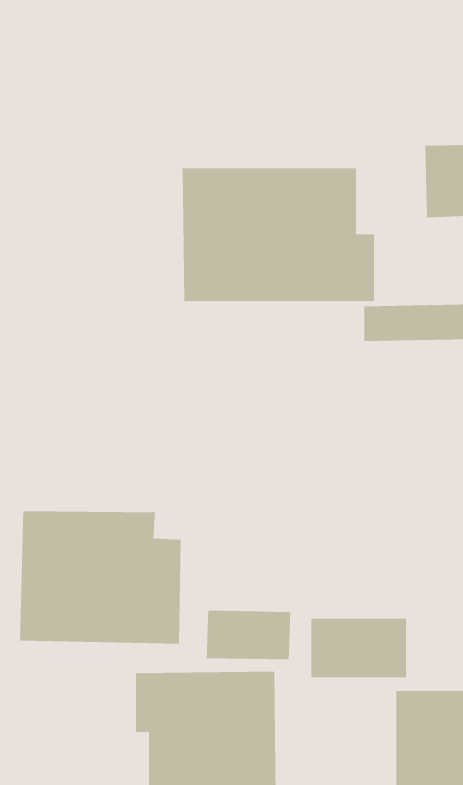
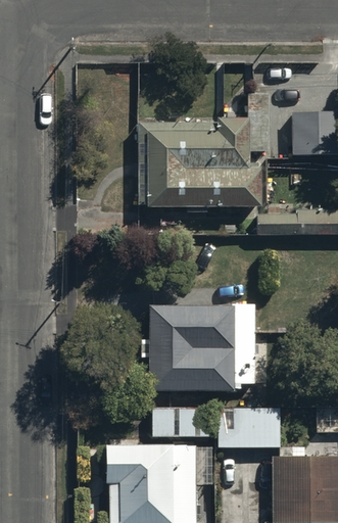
building: [19,511,182,644] -> [148,303,251,388]

